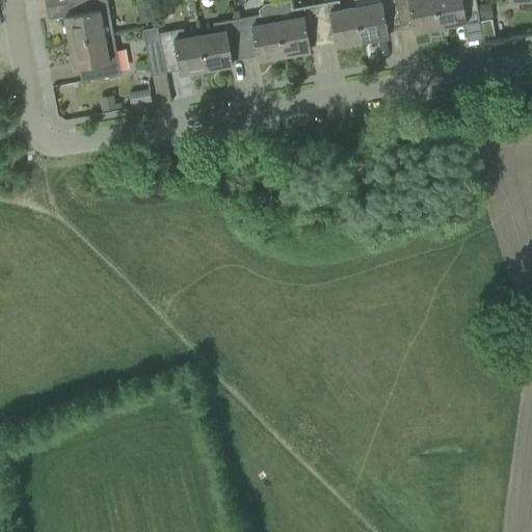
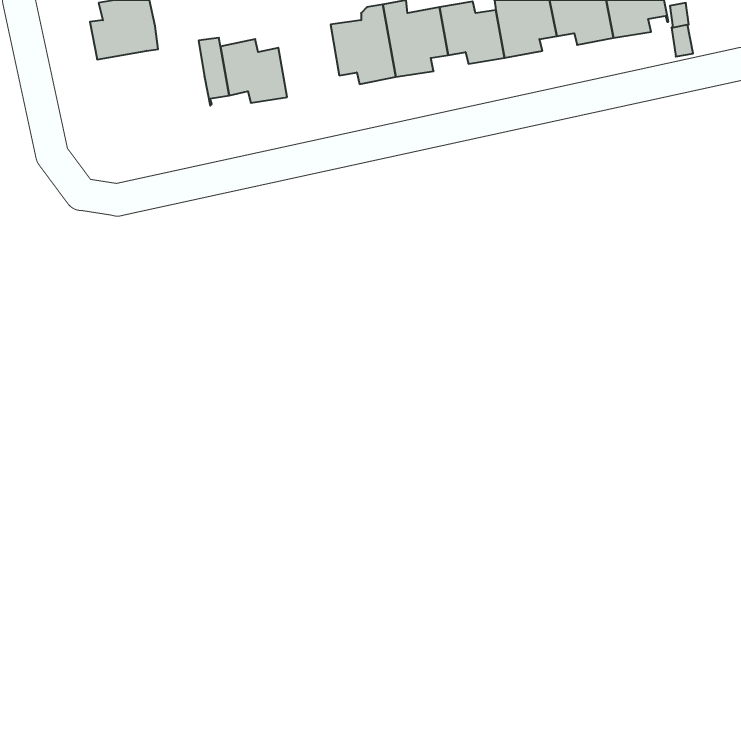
building: [200,19,243,71] -> none
building: [70,37,121,82] -> none

